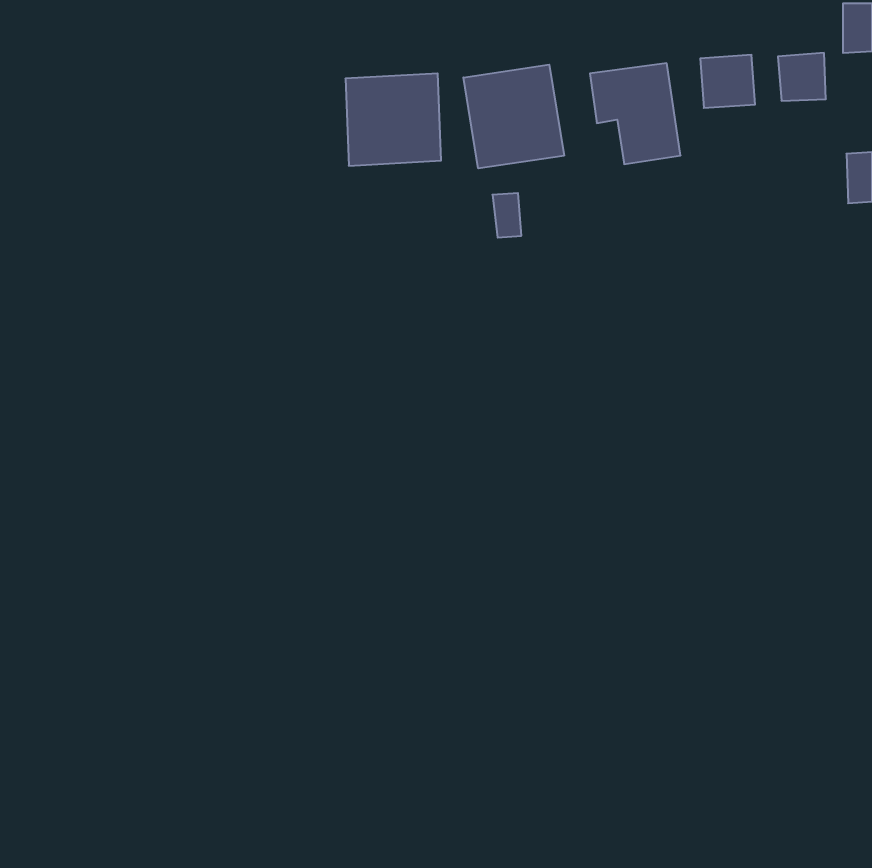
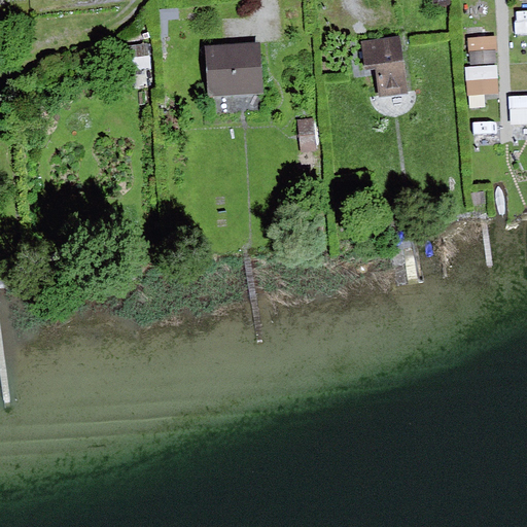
building: [700,55,755,108] -> [466,62,499,94]
building: [463,65,564,168] -> none

